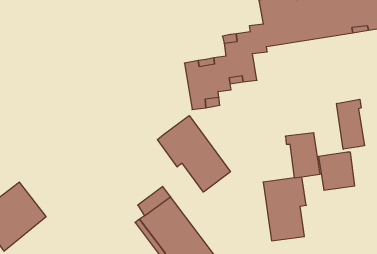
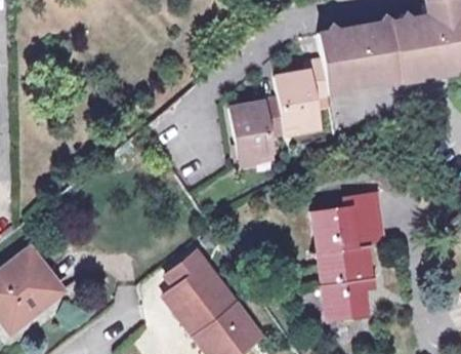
building: [337,99,364,149] -> none
building: [157,116,230,192] -> none
building: [319,152,355,190] -> [313,203,357,248]

